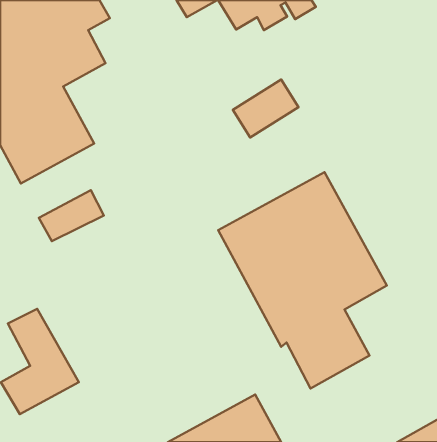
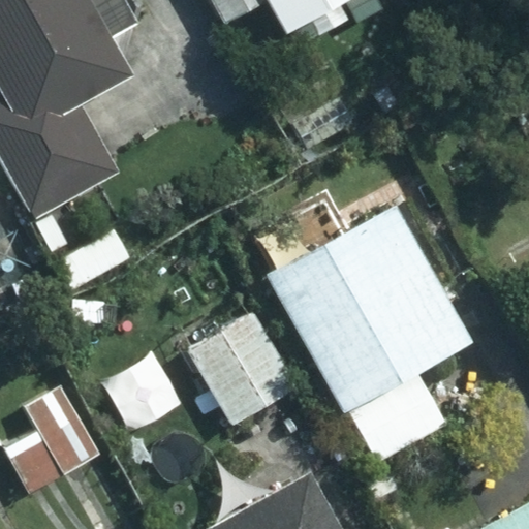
building: none -> [188,308,299,426]

